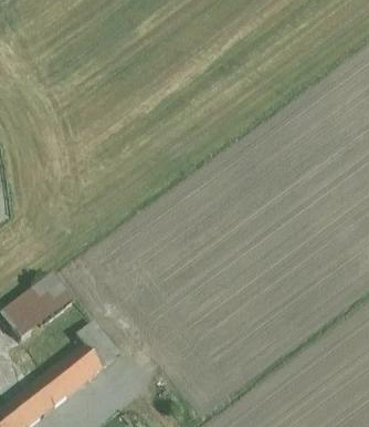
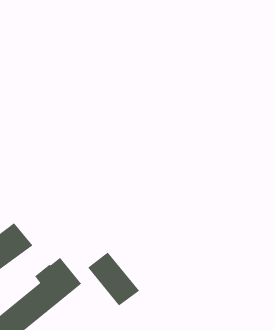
building: none -> [87,251,140,306]

